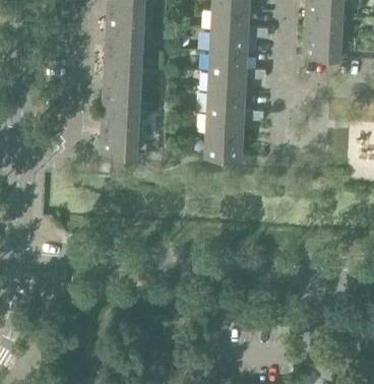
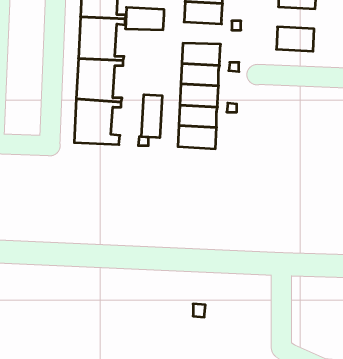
building: [304,15,341,38] -> none
building: [209,30,248,53] -> [125,7,164,30]
building: none -> [142,95,162,138]

